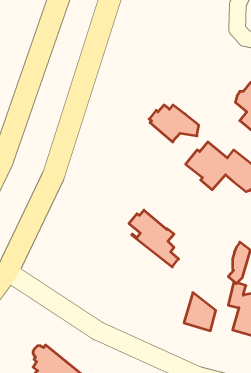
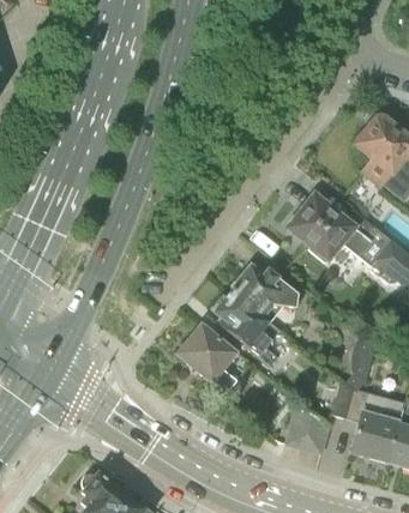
building: [149,105,199,142] -> [230,266,297,316]
building: none -> [179,326,236,392]

